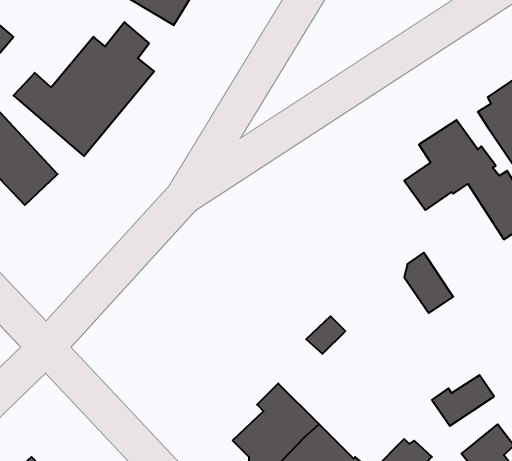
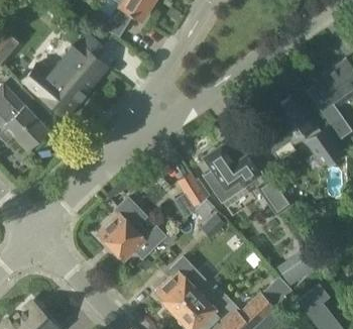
building: none -> [205,137,259,204]
building: none -> [175,174,207,209]
building: none -> [99,199,164,261]

